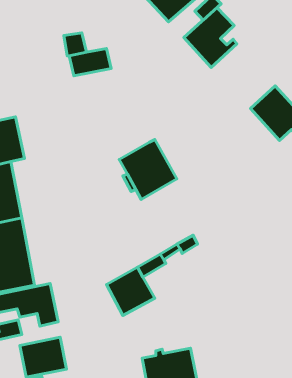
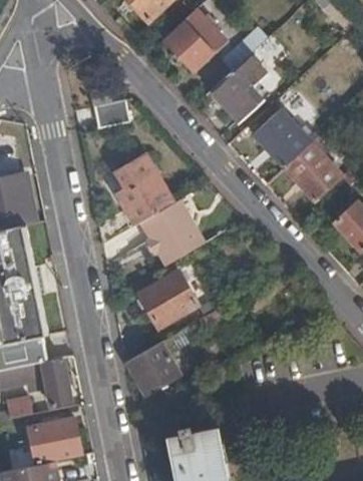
building: none -> [254,106,311,164]
building: none -> [114,155,172,223]
building: none -> [139,269,198,325]

